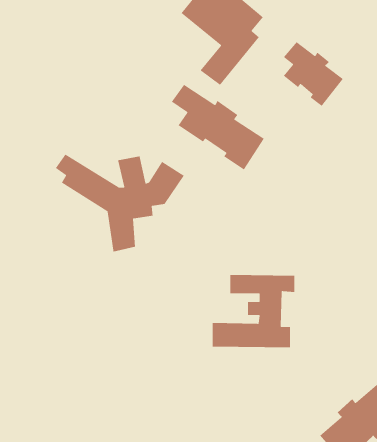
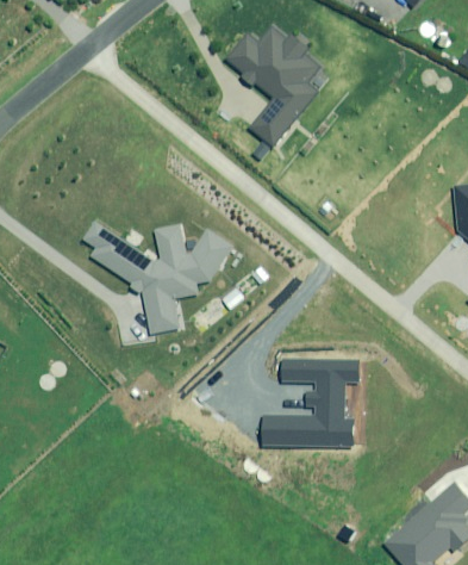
building: [283,41,344,107] -> none
building: [171,84,265,170] -> none

